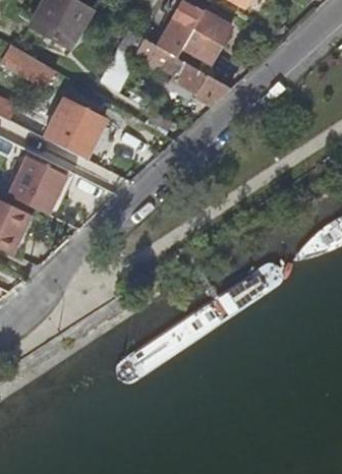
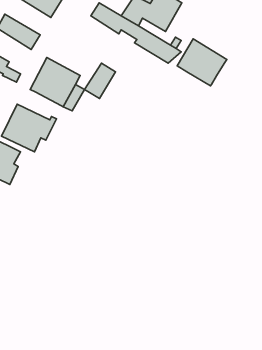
building: none -> [177,39,227,86]
building: none -> [84,63,116,99]

